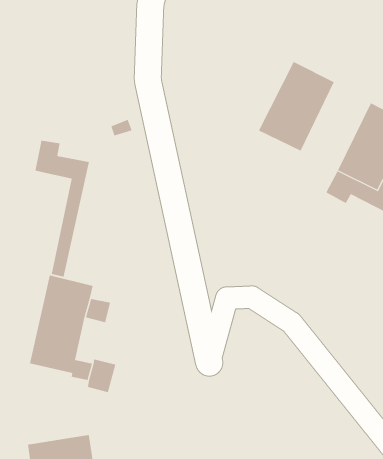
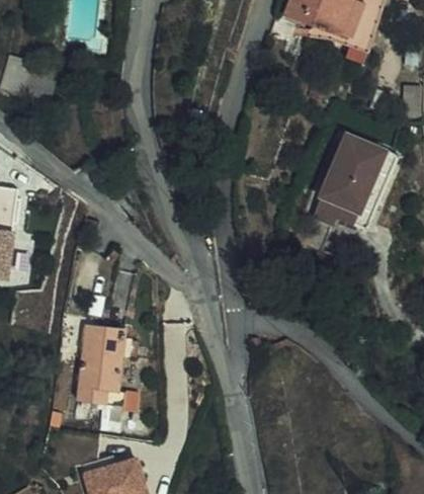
building: [258,61,335,152] -> none
building: [35,140,90,278] -> none

